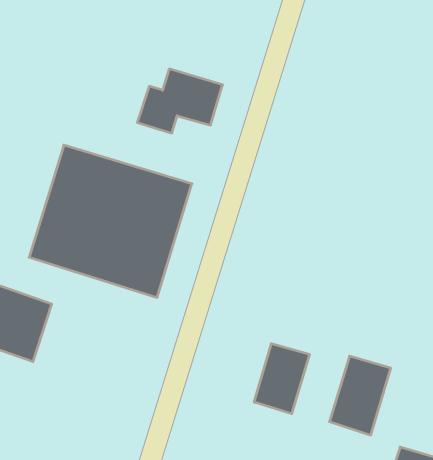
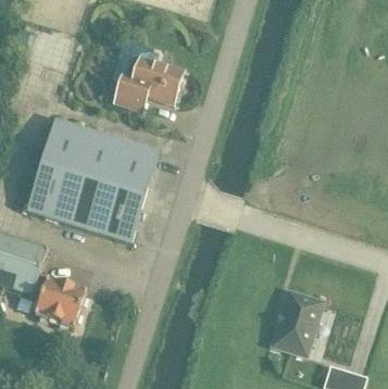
building: none -> [33,275,86,326]
building: [254,344,309,414] -> none

